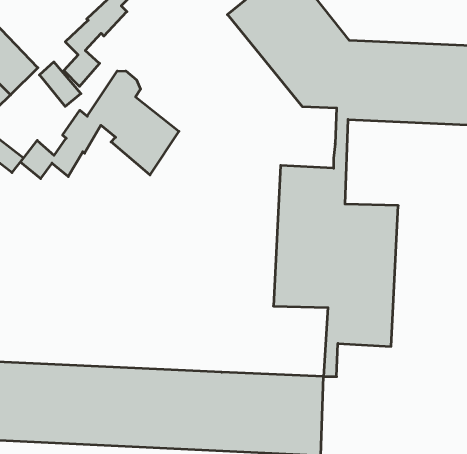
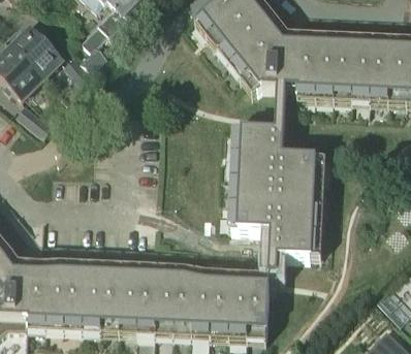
building: [21,71,179,179] -> none

